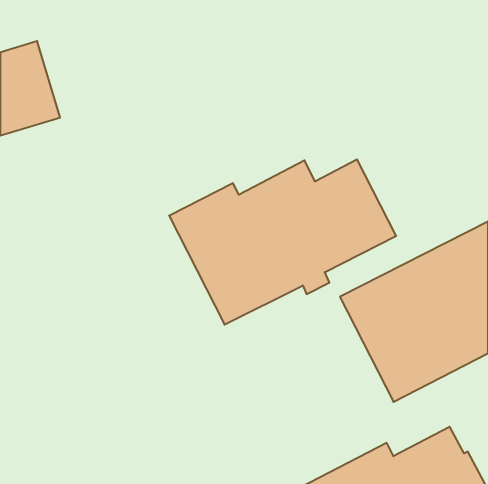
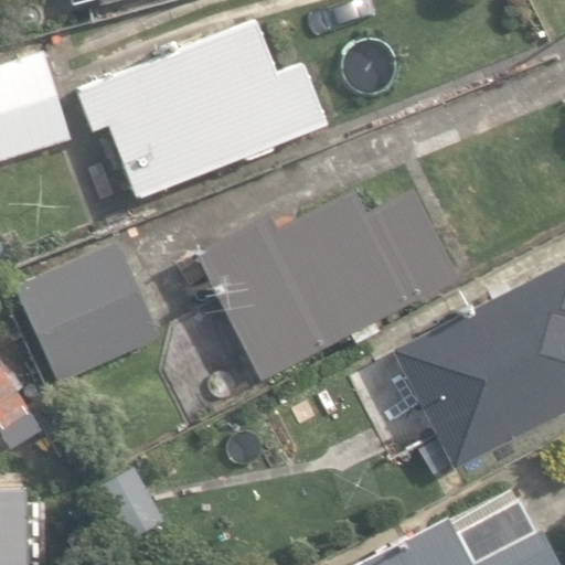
building: none -> [76,22,324,199]
building: none -> [14,242,158,383]

